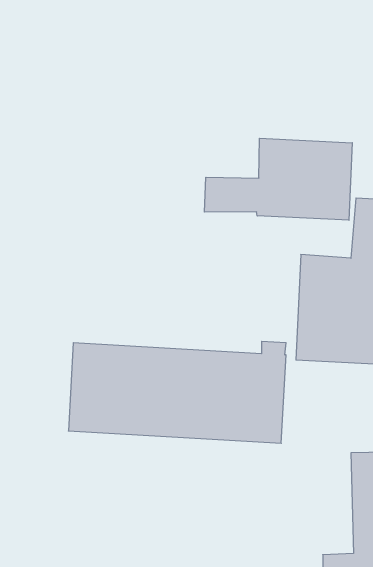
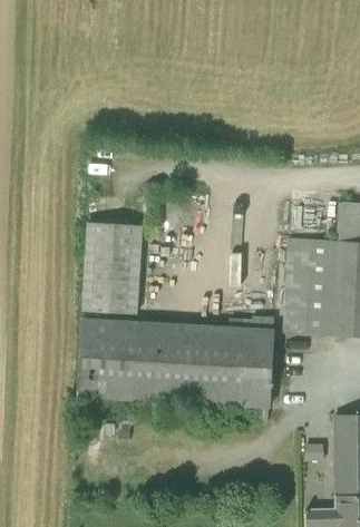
building: [205,138,352,220] -> none
building: none -> [82,222,140,314]

